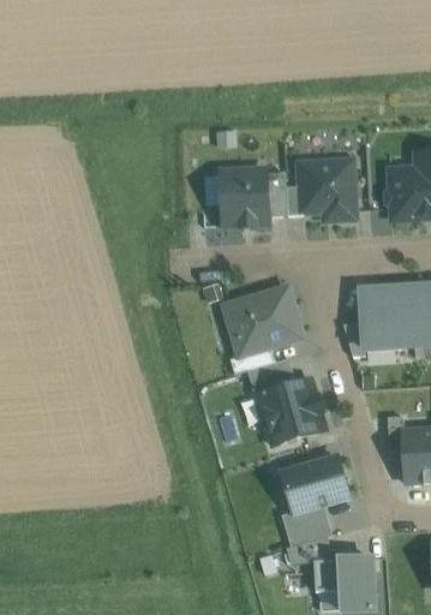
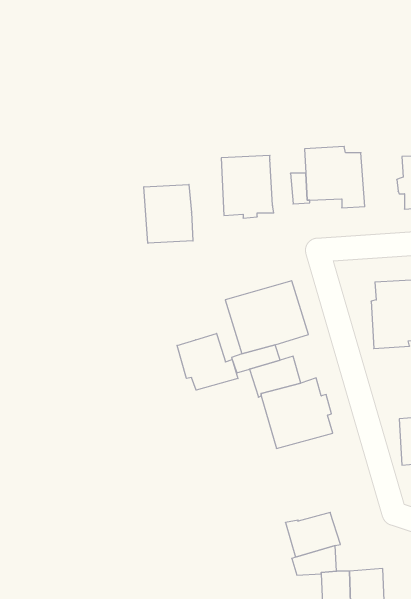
building: [265,172,287,215] -> none
building: none -> [144,184,193,243]
building: none -> [177,333,238,390]
building: [281,455,348,512] -> none

